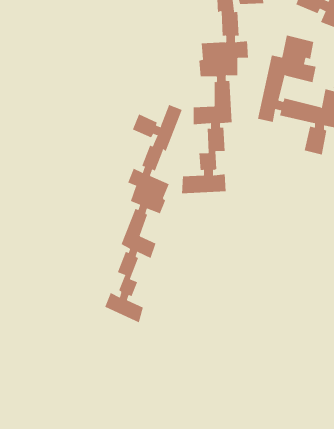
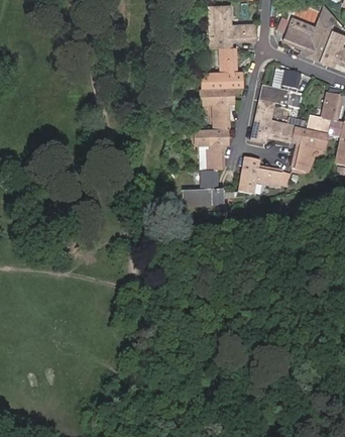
building: [104,104,183,323] -> none
building: none -> [239,157,282,194]

